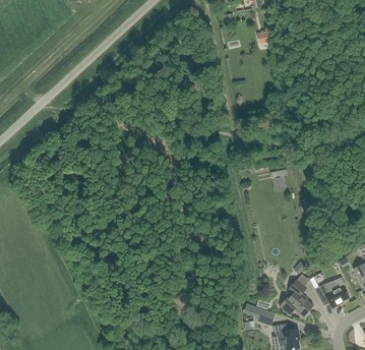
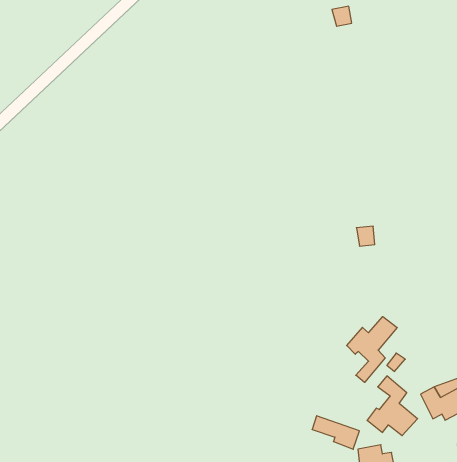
building: none -> [347,317,397,382]

